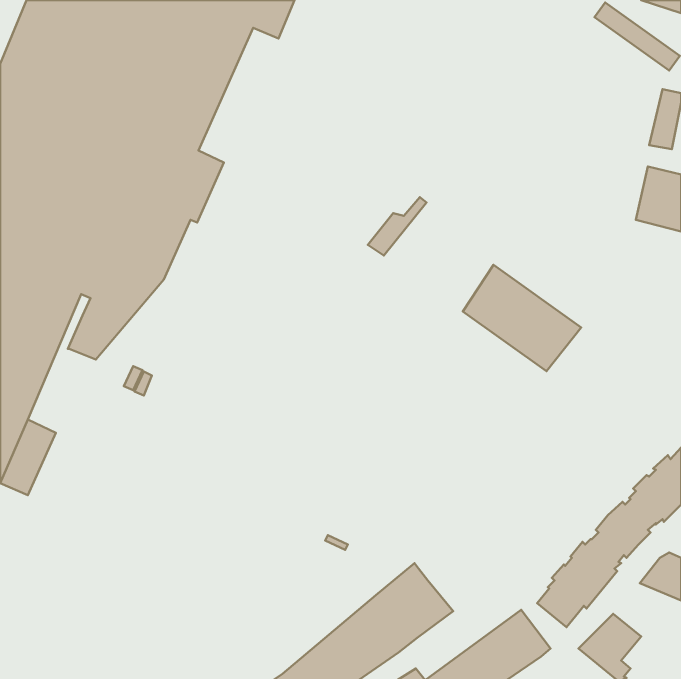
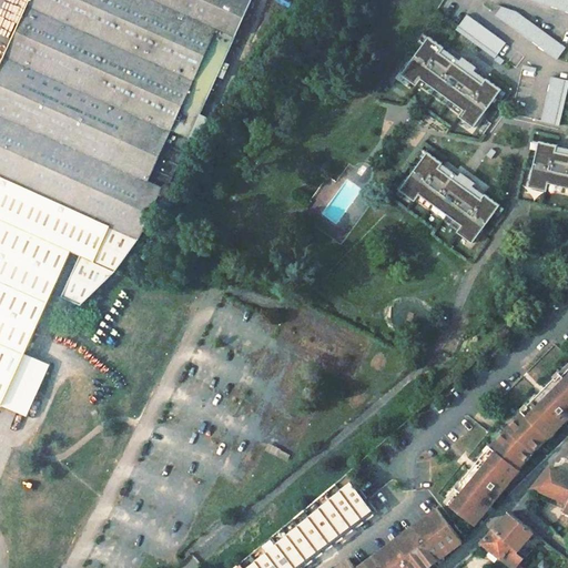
building: none -> [456,14,507,59]
building: none -> [165,24,232,136]
building: none -> [403,36,498,128]
building: [463,265,581,371] -> [402,152,500,241]

